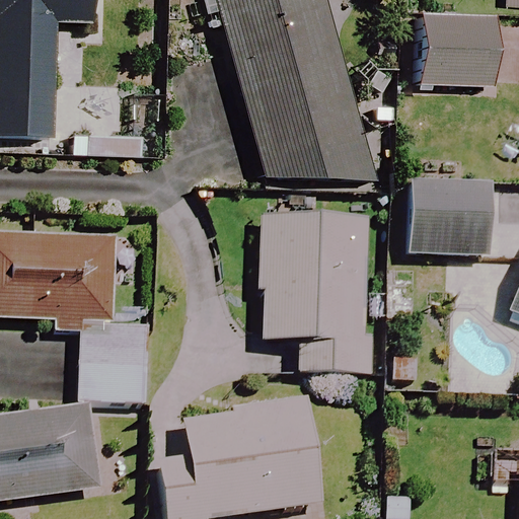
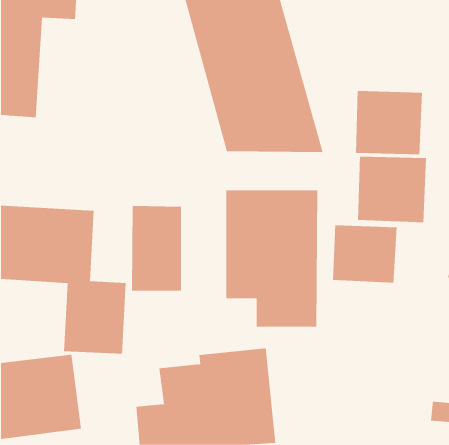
building: [416,9,493,82] -> [355,91,423,155]
building: none -> [132,205,182,292]
building: none -> [333,225,397,284]

